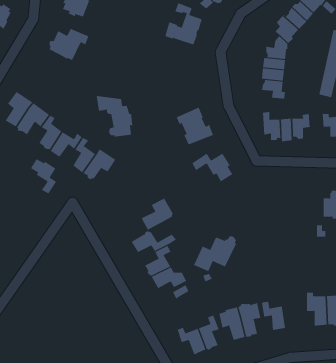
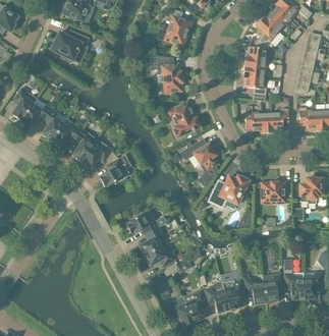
building: [96,95,133,137] -> [149,55,182,93]
building: [30,158,57,194] -> none
building: none -> [261,181,285,203]
building: [141,198,173,231] -> [99,158,128,187]
building: [193,236,237,272] -> [208,175,248,208]
building: none -> [262,274,282,303]

